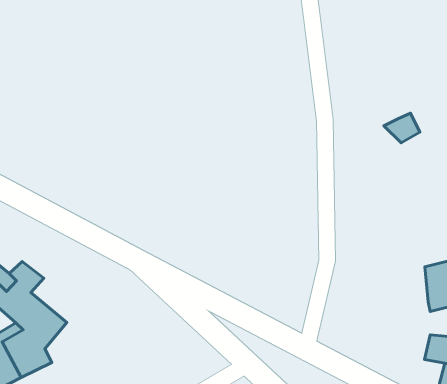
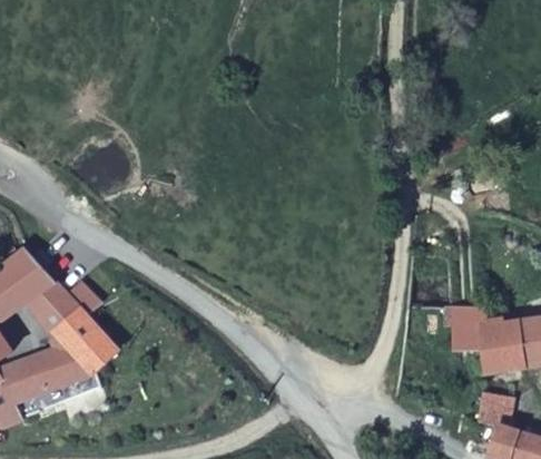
building: none -> [454,306,485,360]

